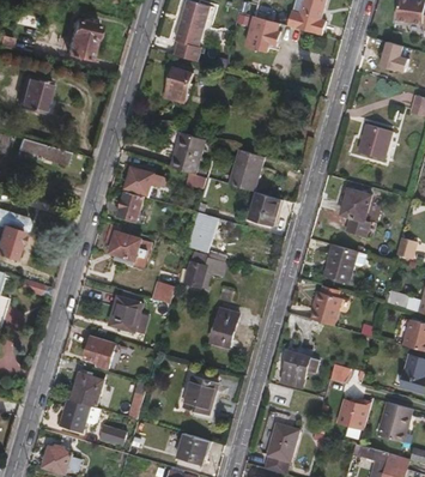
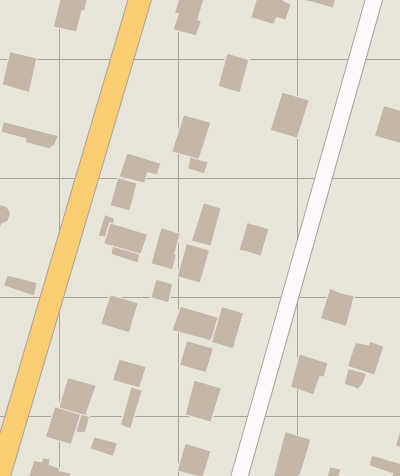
building: [164,66,193,102] -> [218,53,249,93]
building: [229,149,265,191] -> [270,92,309,138]
building: [341,189,371,236] -> none
building: [251,193,279,224] -> [239,222,269,257]
building: none -> [151,228,180,270]
building: [323,243,357,283] -> none
building: none -> [172,306,218,342]
building: [84,338,115,364] -> [112,359,146,388]
building: none -> [179,340,213,373]
building: [338,398,371,429] -> [347,341,384,375]

